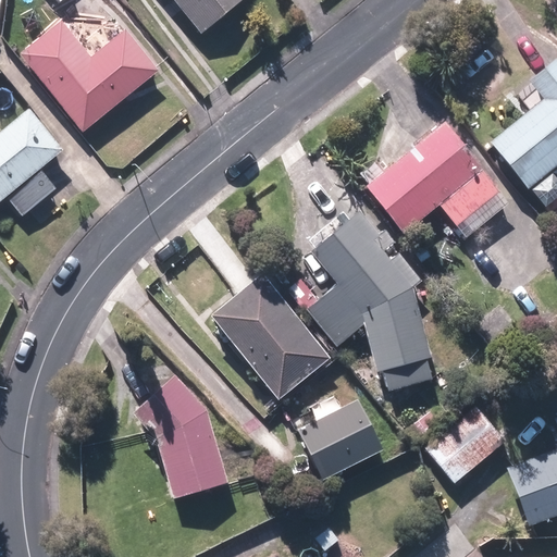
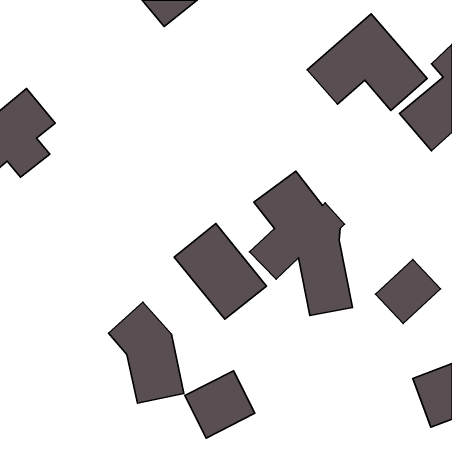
building: [18,22,161,134] -> none
building: [367,119,513,237] -> [307,14,427,110]
building: [297,397,383,480] -> [185,371,255,438]
building: [423,406,503,484] -> [376,260,440,323]

